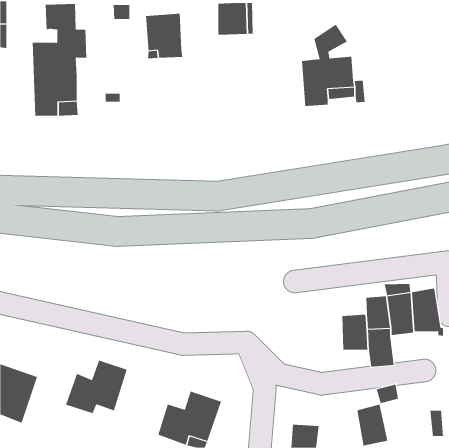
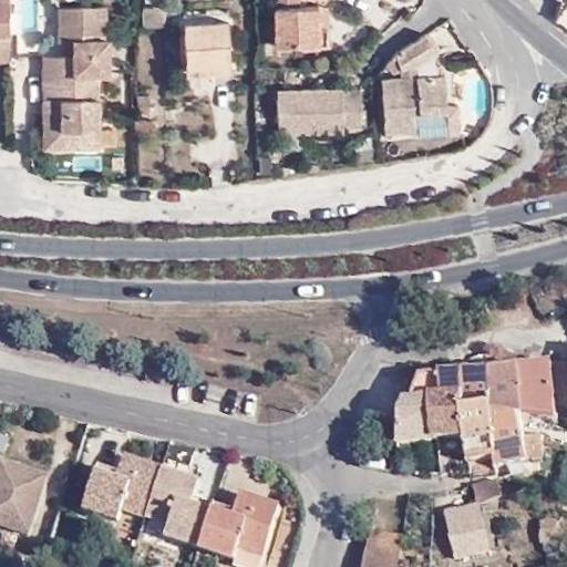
building: none -> [276,86,361,130]
building: none -> [394,374,461,442]
building: none -> [492,419,540,466]
building: none -> [144,465,210,547]

